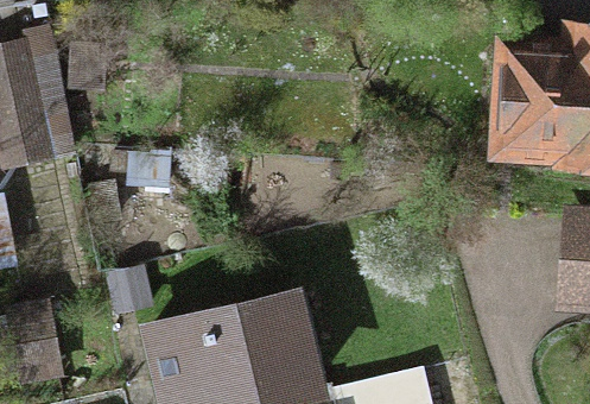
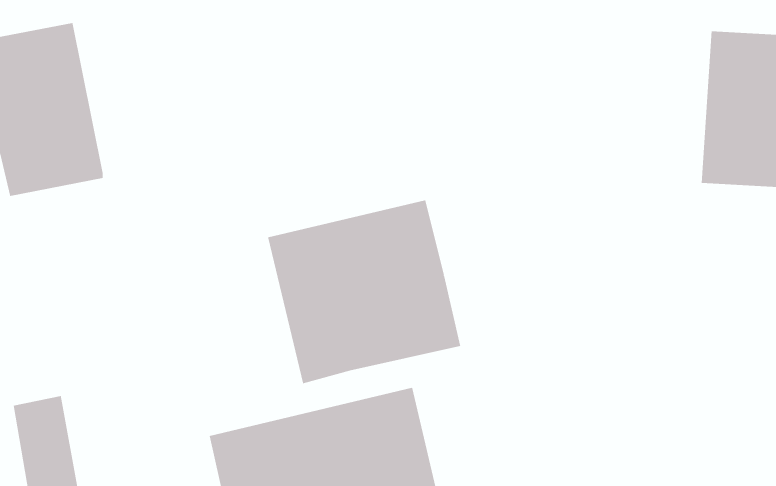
building: none -> [267,199,461,384]

